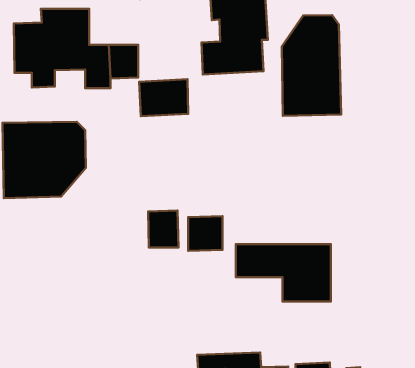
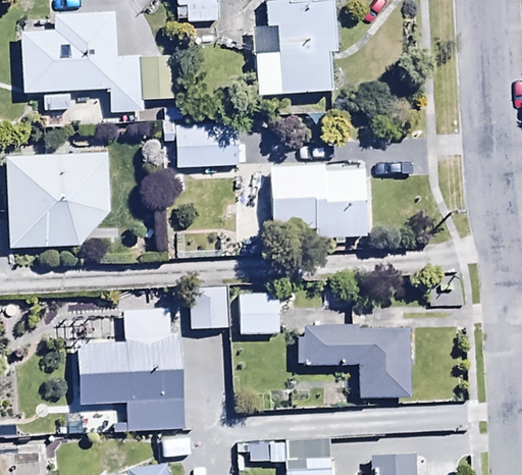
building: [282,15,341,116] -> none
building: none -> [271,167,366,239]
building: none -> [75,322,186,433]

